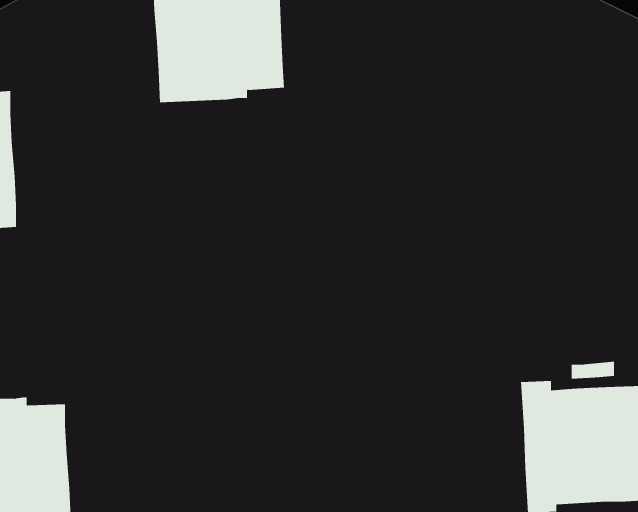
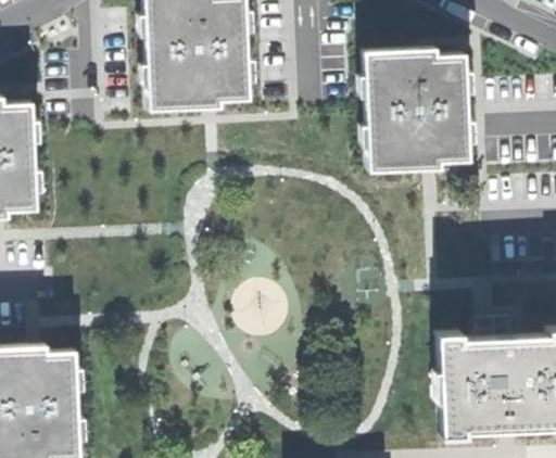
building: none -> [364,50,469,174]

